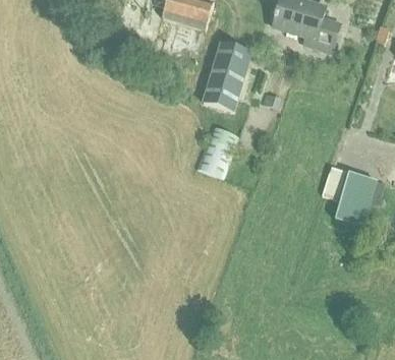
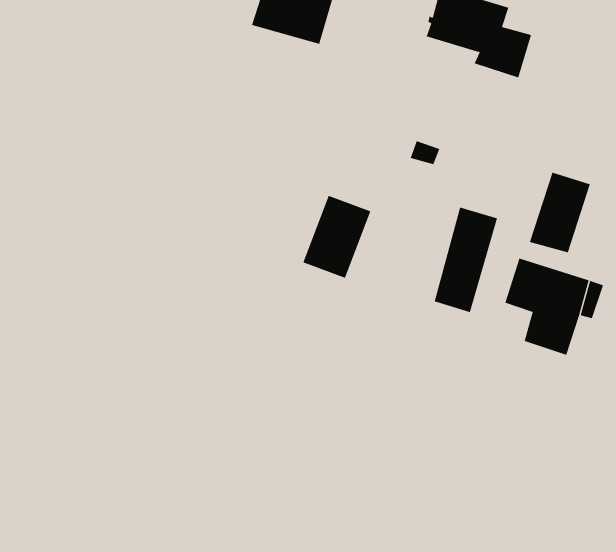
building: [205,45,245,112] -> [434,207,498,313]
building: none -> [529,172,590,253]

